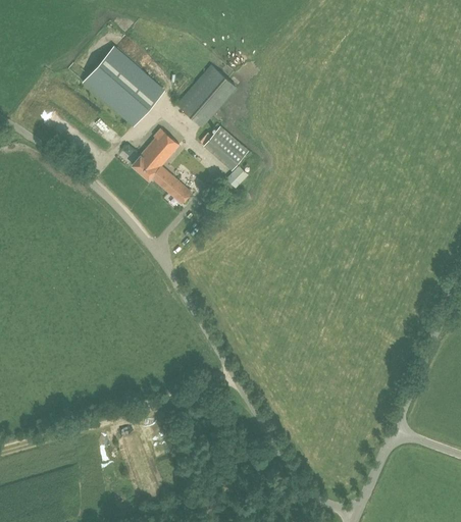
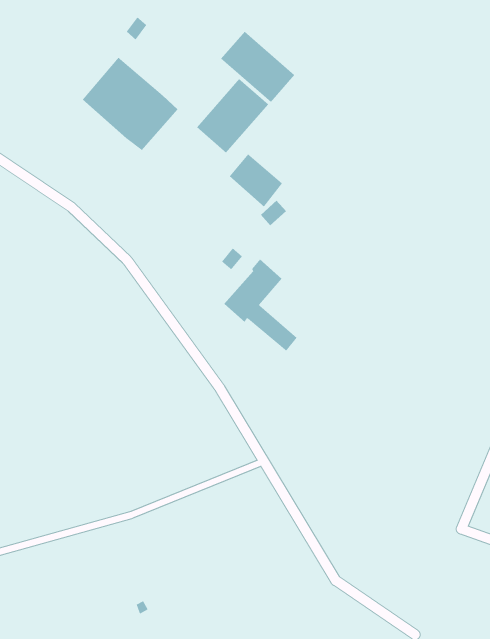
building: none -> [220,31,295,103]
building: [131,128,191,204] -> [223,259,298,352]

